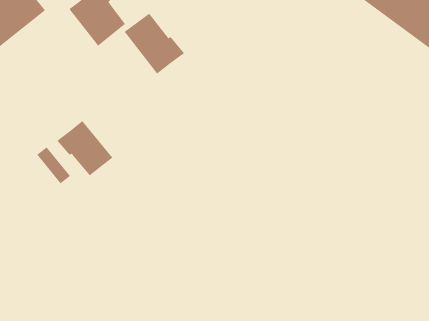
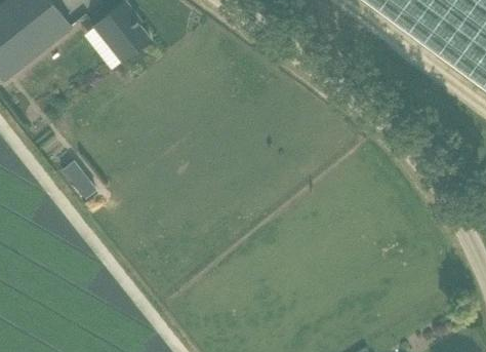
building: [124,13,185,74] -> none
building: [57,120,113,176] -> none

